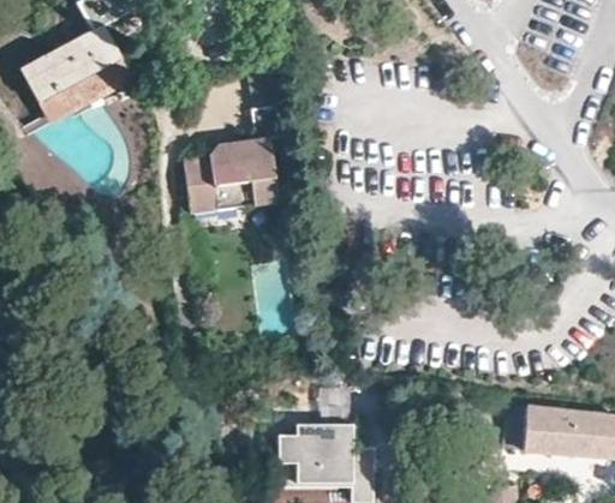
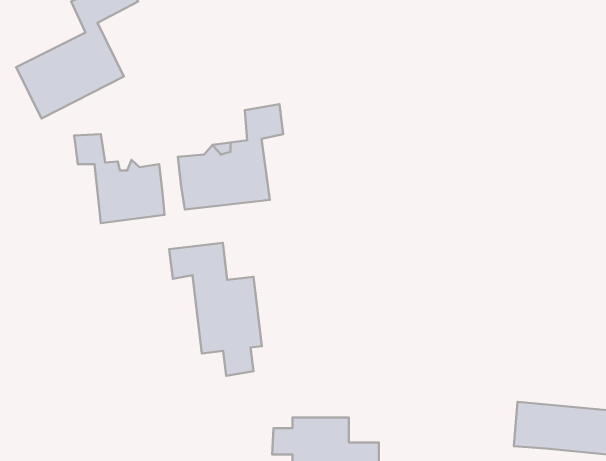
building: none -> [74,134,165,223]
building: none -> [169,243,262,376]

